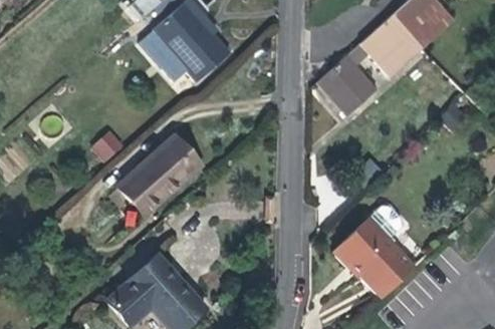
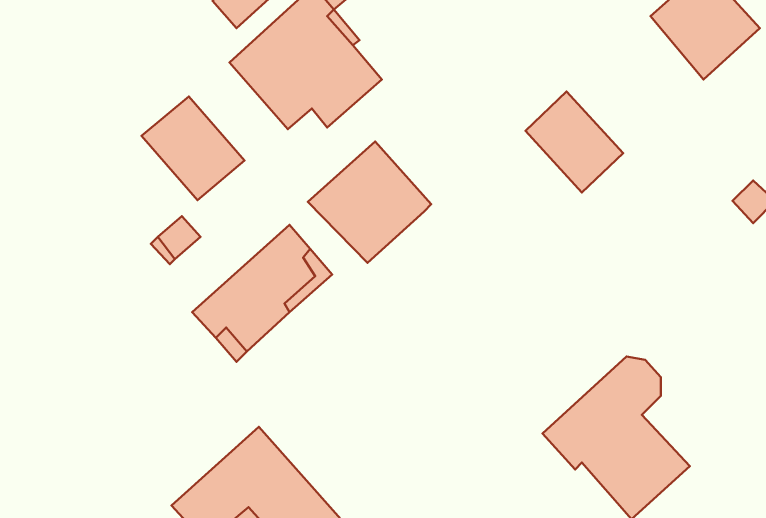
building: [357,14,419,76] -> none
building: none -> [141,96,245,200]
building: none -> [308,141,431,263]

